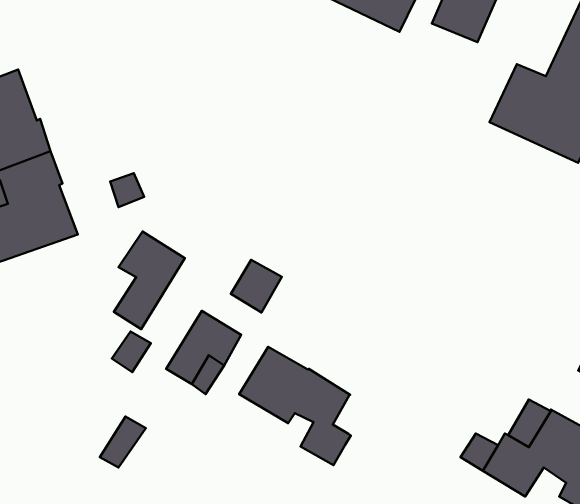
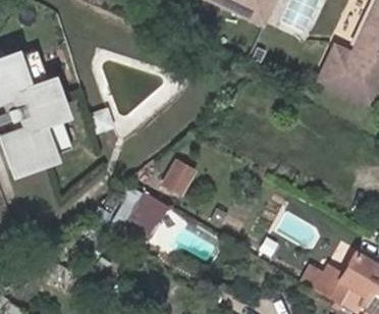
building: [114,231,185,329] -> none
building: [239,347,351,465] -> none

